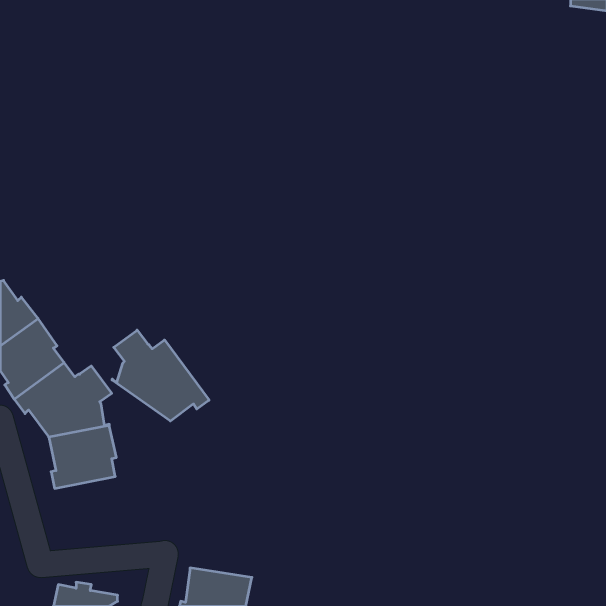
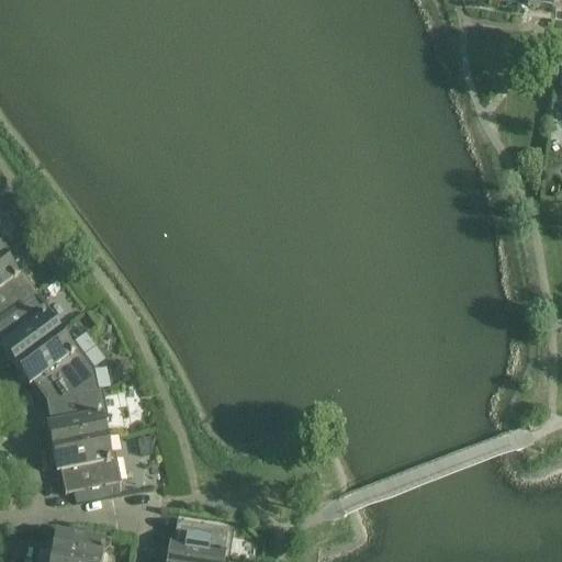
building: [112,330,209,421] -> none
building: none -> [52,440,121,497]

